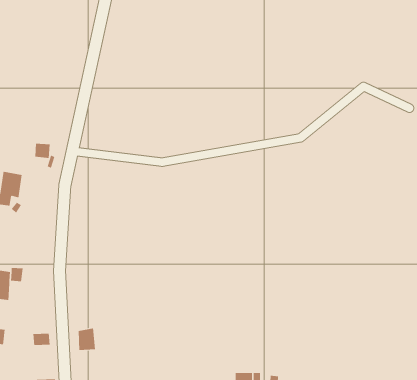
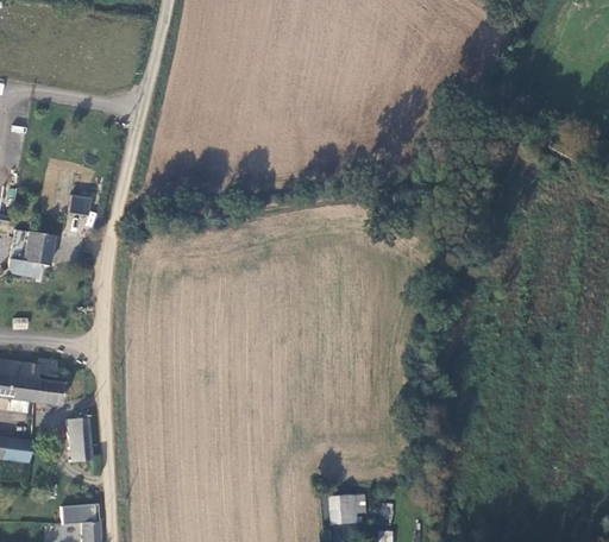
building: none -> [36,379,62,405]
building: [78,328,96,350] -> [65,416,89,446]

